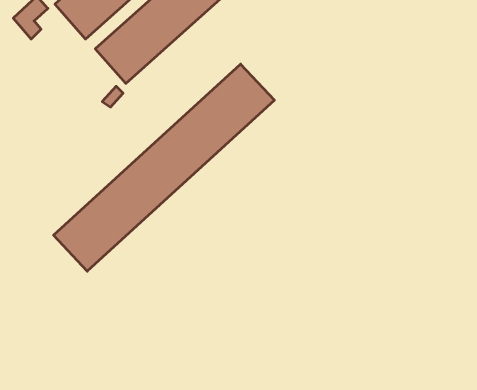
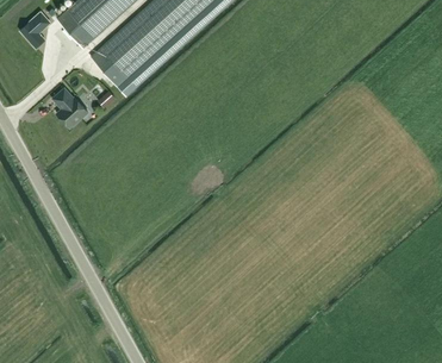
building: [54,64,274,271] -> none
building: none -> [52,87,87,127]

